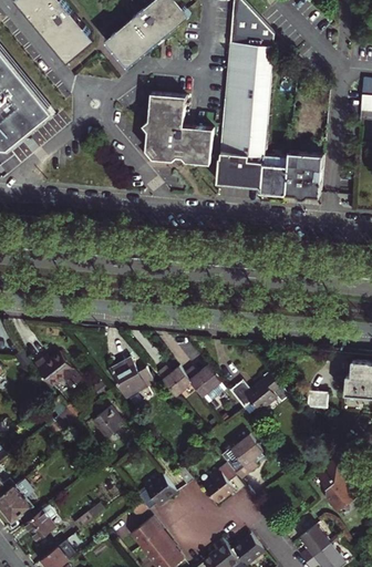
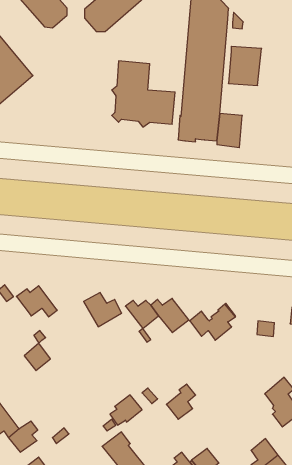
building: [286,152,323,196] -> [228,46,262,85]
building: [91,405,121,436] -> [24,343,50,371]
building: [220,434,264,481] -> none

